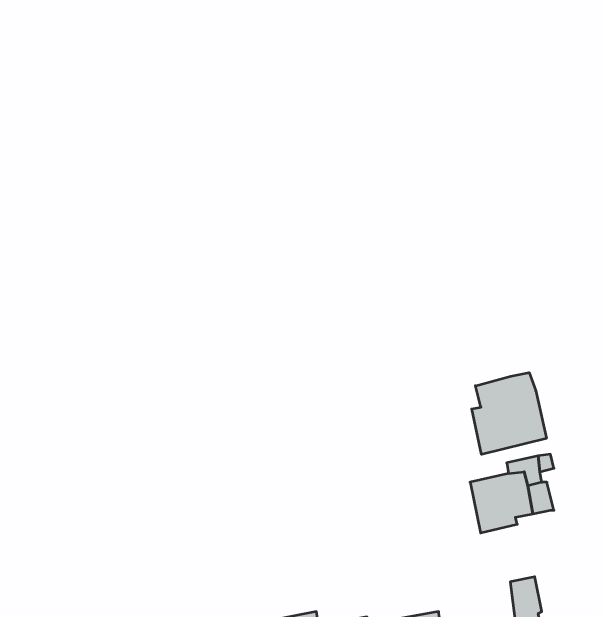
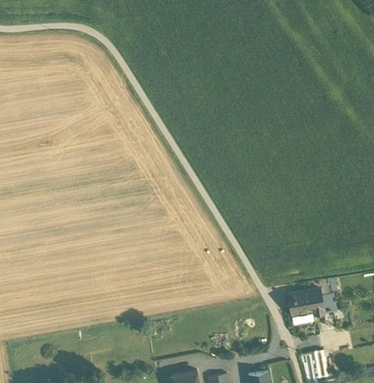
building: [472,373,546,454] -> none

